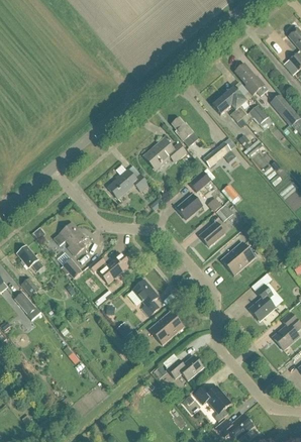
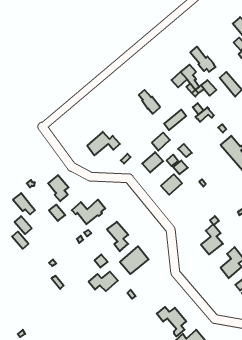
building: [143,138,186,169] -> none
building: [220,241,256,274] -> none
building: [167,355,203,379] -> [89,272,118,291]

